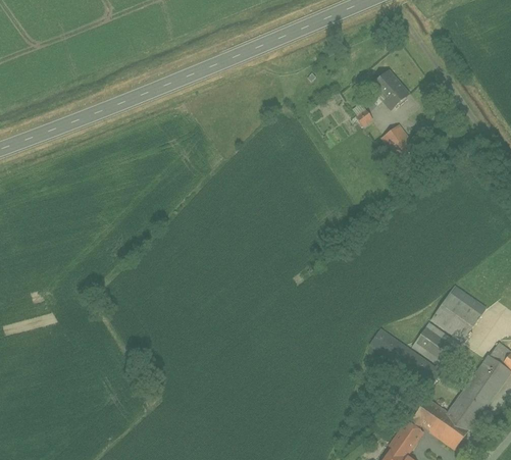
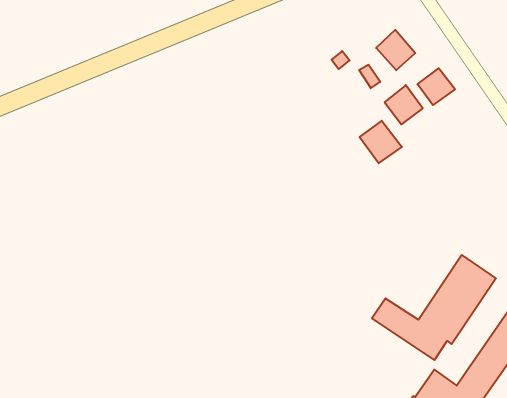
building: none -> [417,68,455,105]
building: none -> [360,121,402,163]

